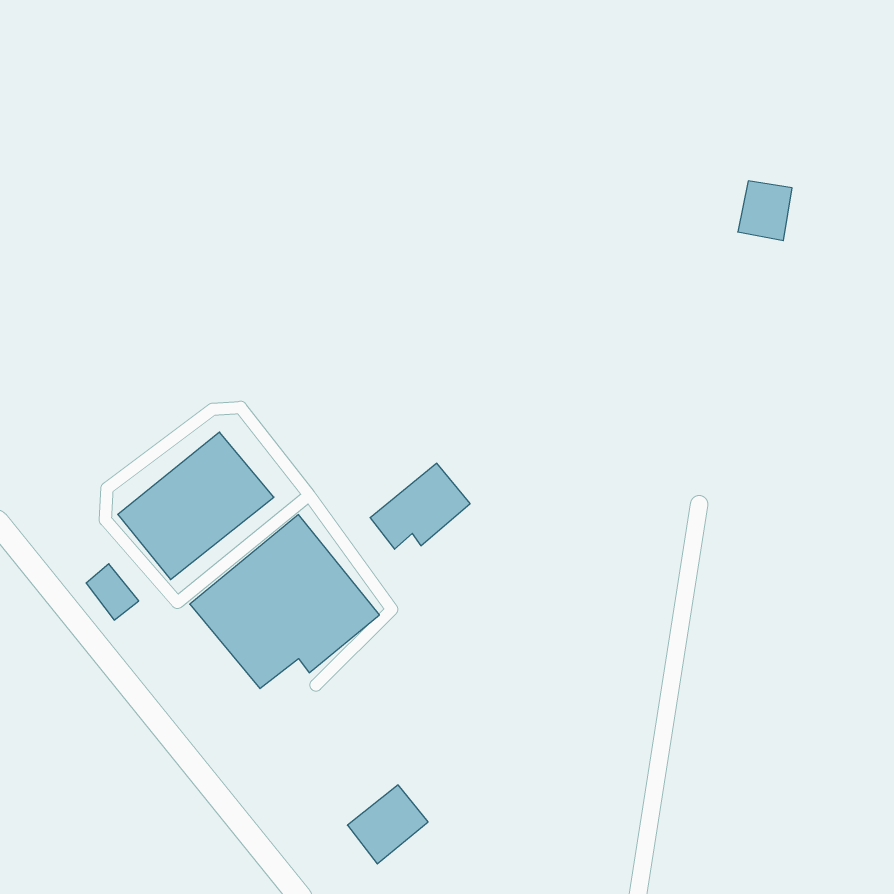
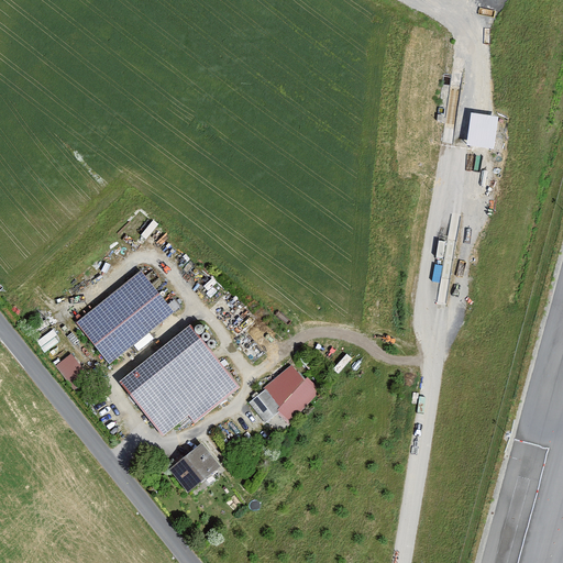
building: [370,463,470,549] -> [262,366,324,420]
building: [347,785,428,864] -> [168,443,219,493]

